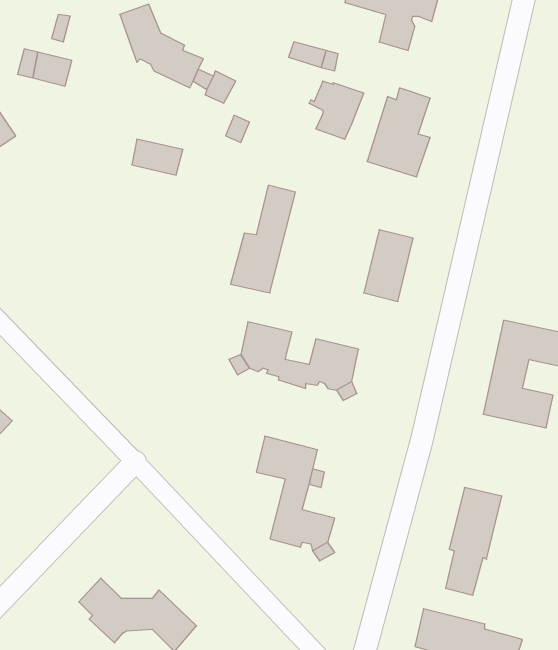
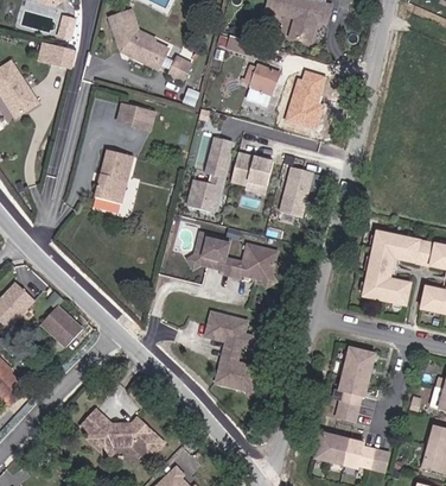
building: none -> [94,150,133,203]
building: none -> [229,152,275,197]
building: none -> [39,305,82,347]

